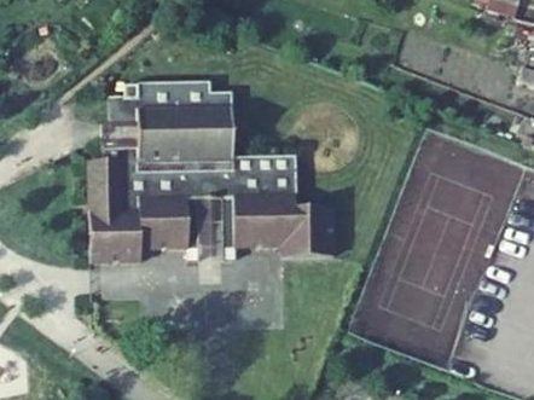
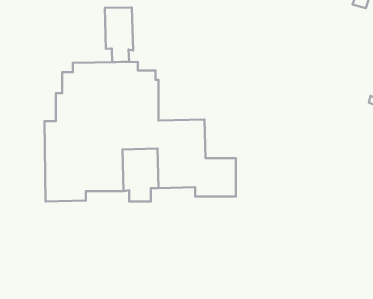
building: none -> [105,7,133,62]

